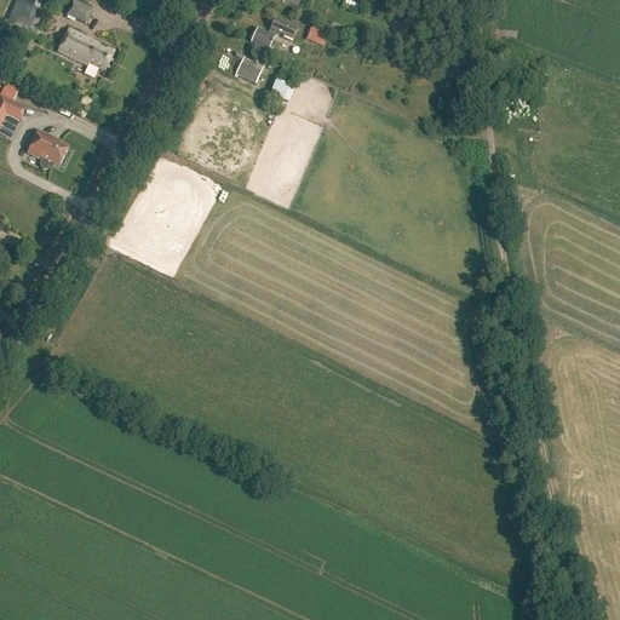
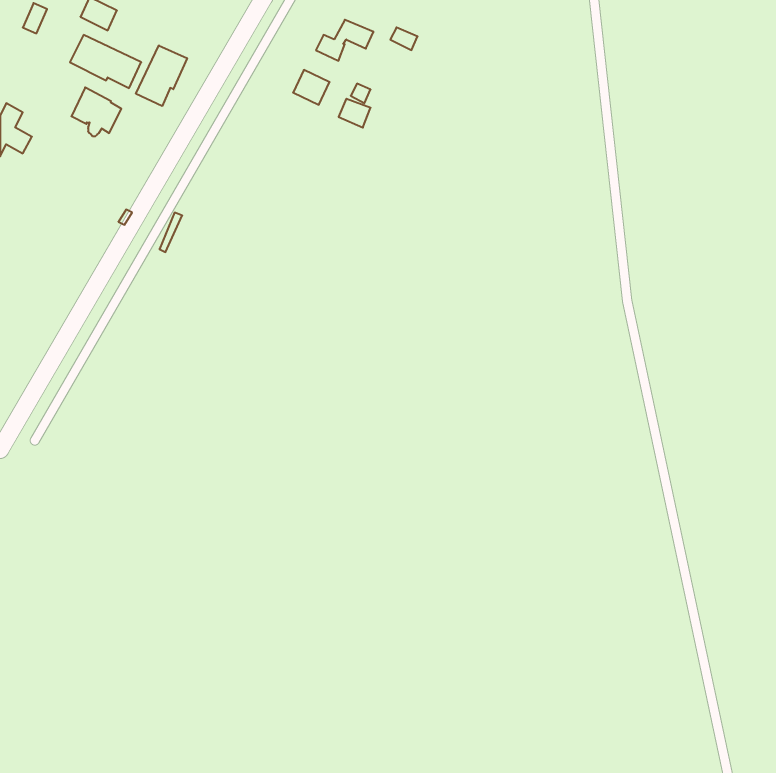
building: none -> [136,45,187,106]
building: [27,130,67,168] -> [71,87,121,136]

